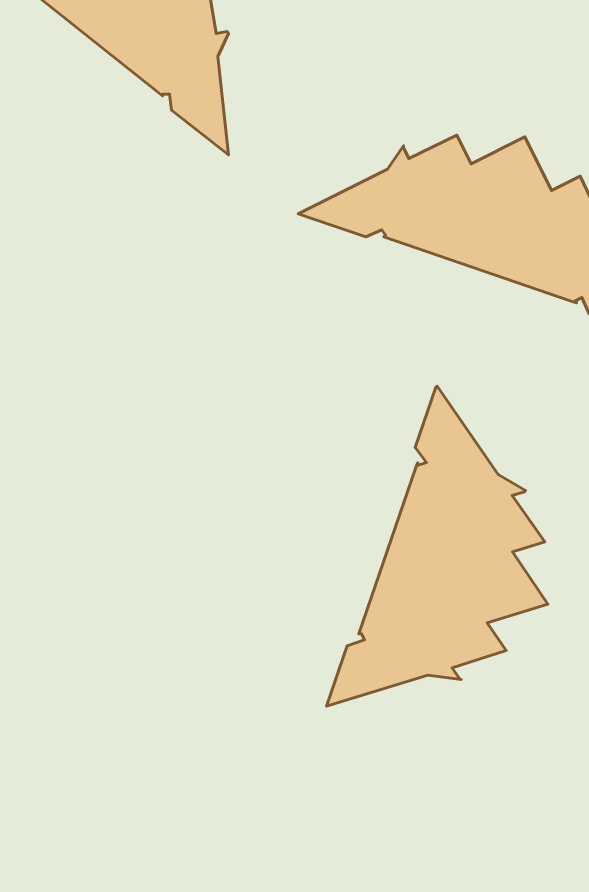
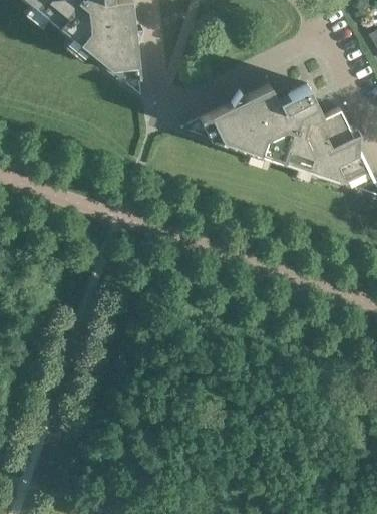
building: [326,386,548,706] -> none

